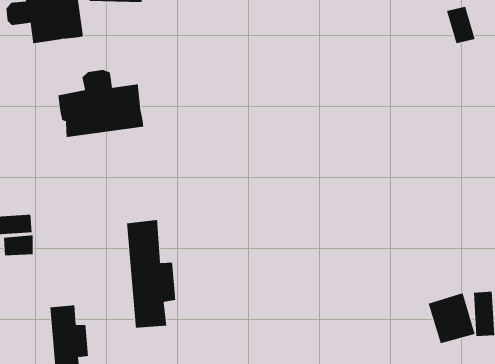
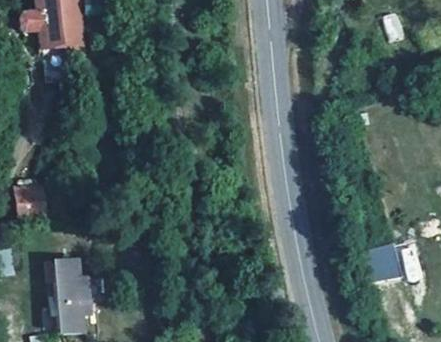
building: [58,69,144,138] -> none
building: [127,219,176,329] -> none

